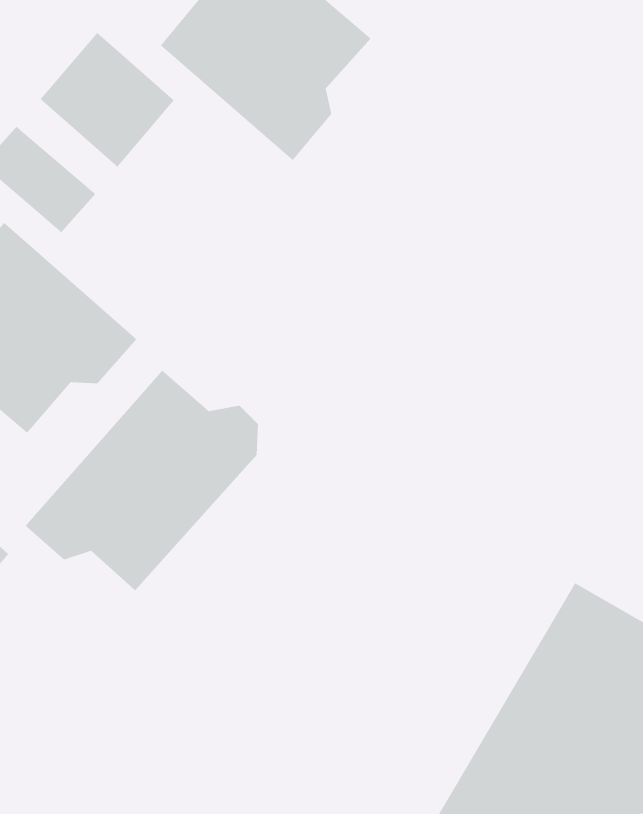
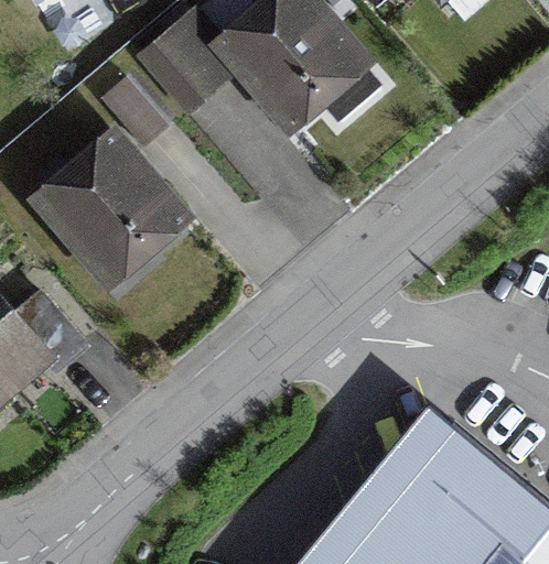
building: [24,369,259,591] -> none

